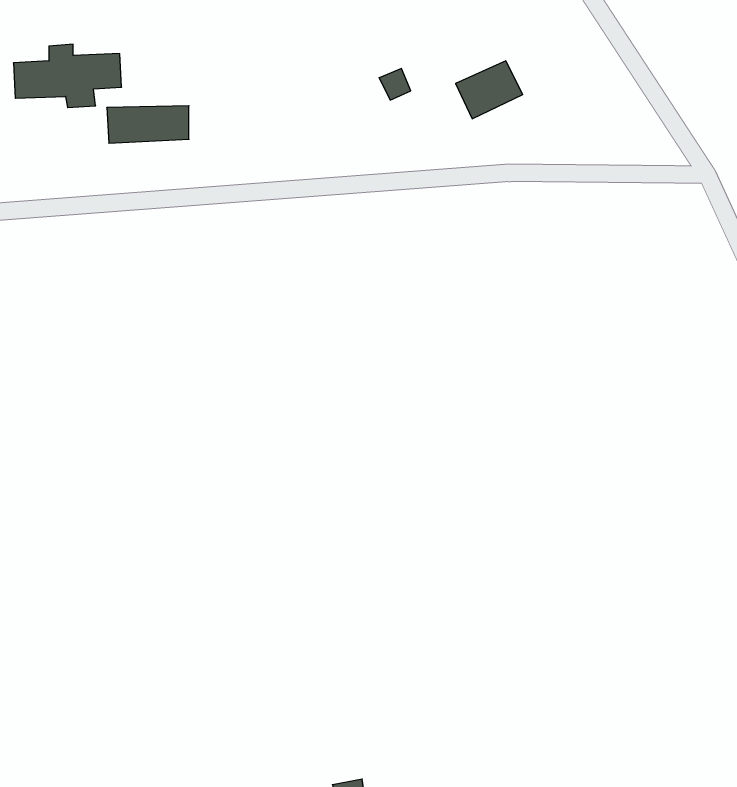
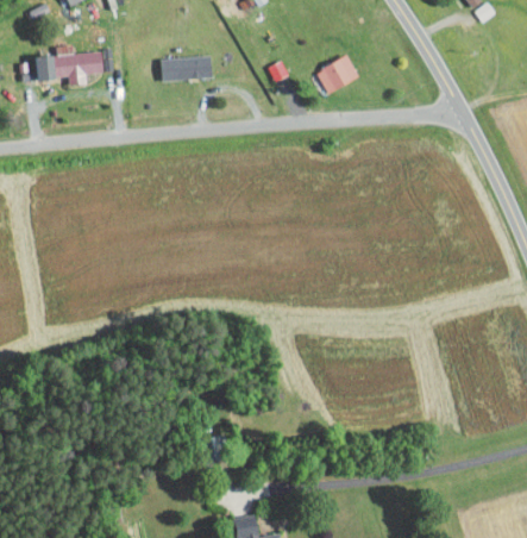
building: [107,106,189,143] -> [159,56,212,80]

